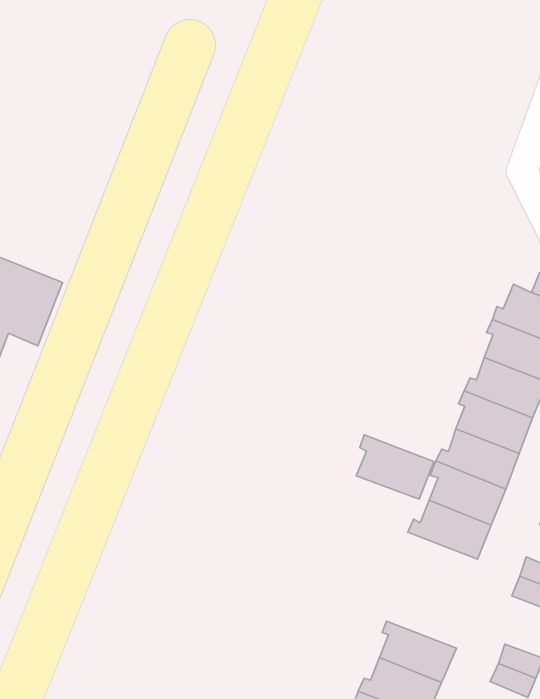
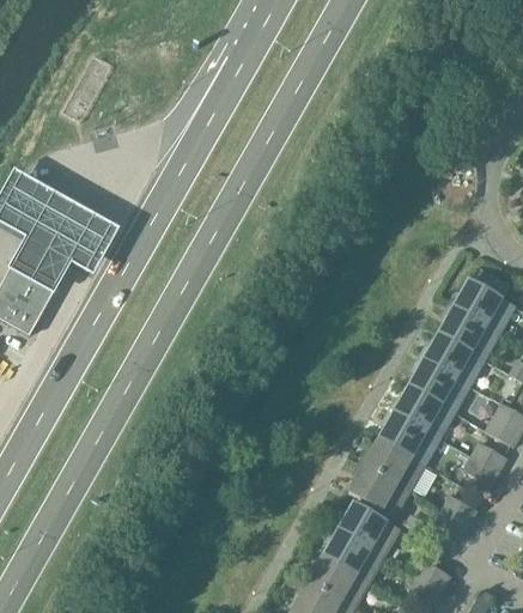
building: [356,435,434,499] -> [348,461,411,517]
building: none -> [333,503,400,557]

